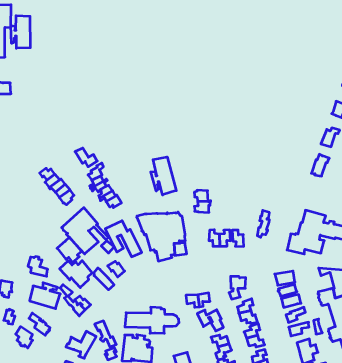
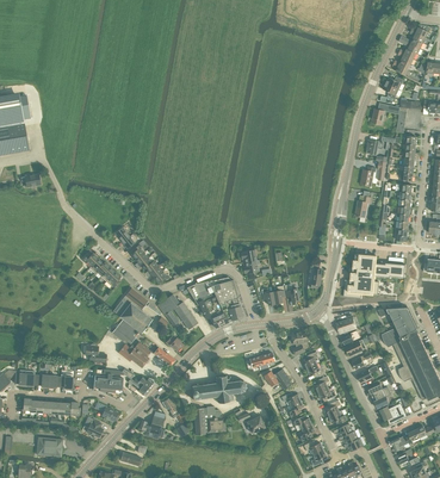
building: [11,16,30,48] -> none
building: [151,157,176,195] -> none

